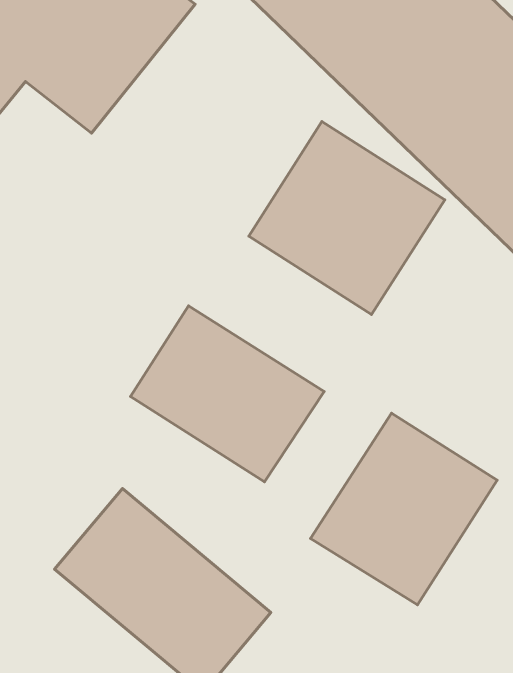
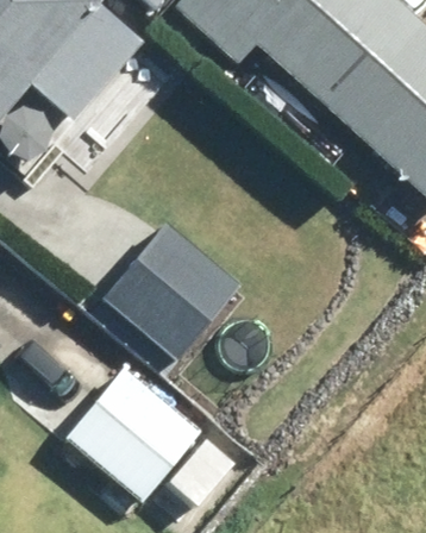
building: [249,121,445,315] -> none
building: [310,413,497,605] -> none

